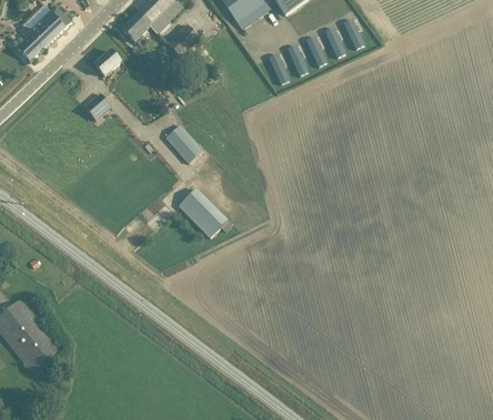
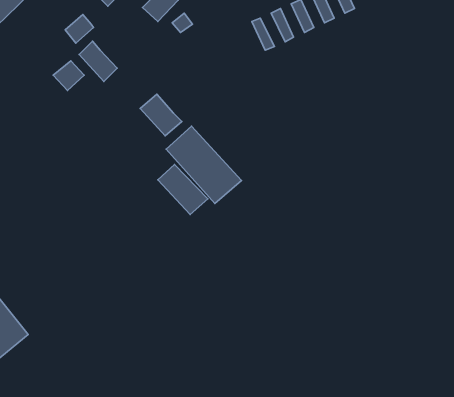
building: none -> [79,41,117,81]
building: none -> [166,126,241,203]

